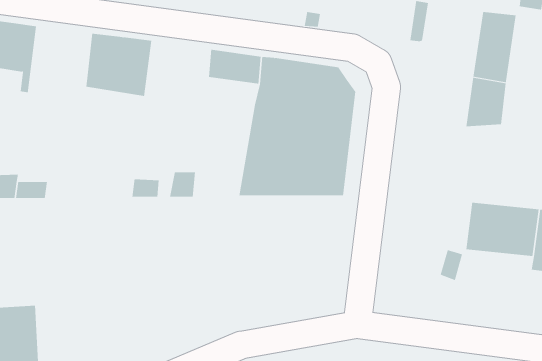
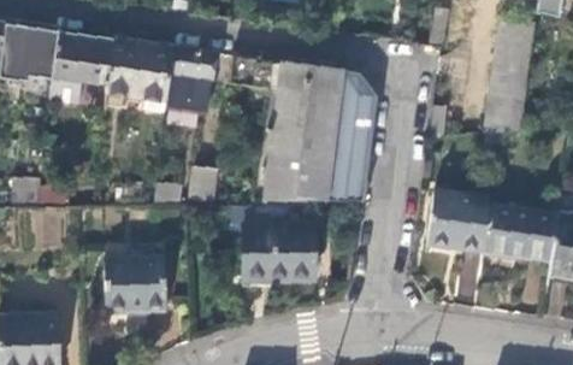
building: none -> [51,31,113,104]
building: none -> [165,46,215,112]
building: none -> [430,190,491,253]
building: none -> [240,223,312,279]
building: none -> [104,255,166,313]

